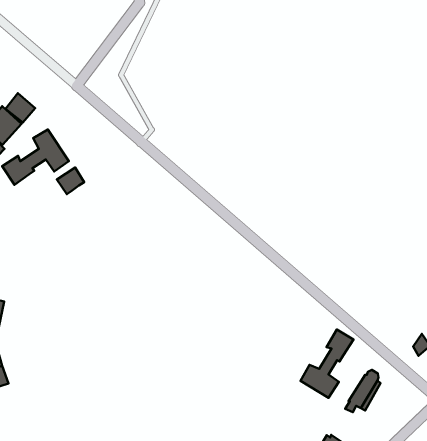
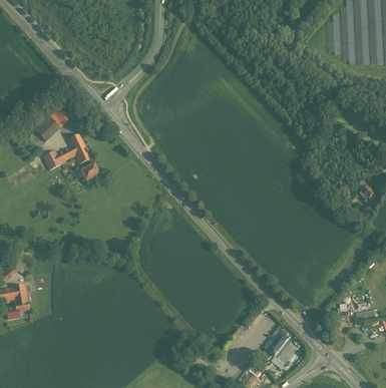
building: [300,330,353,398] -> none

